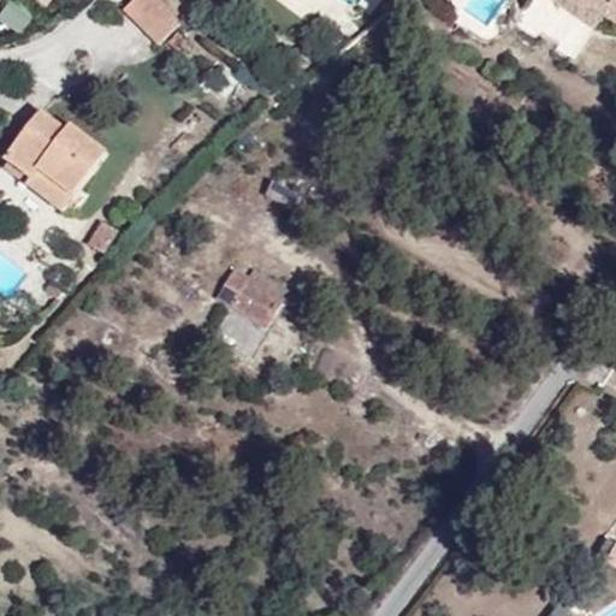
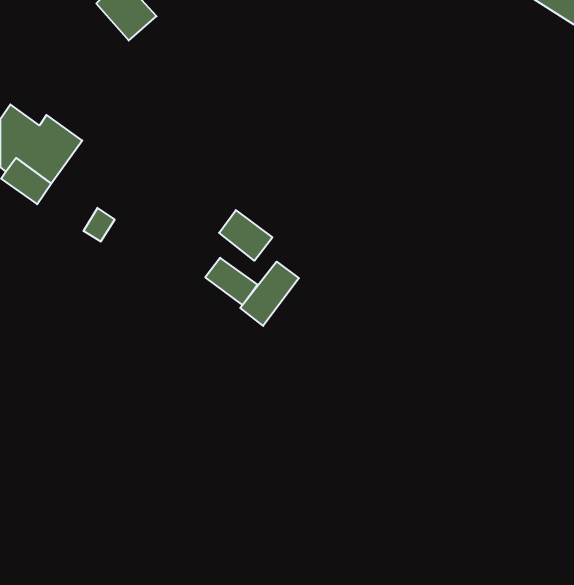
building: none -> [219,210,272,261]
building: none -> [240,262,299,326]

